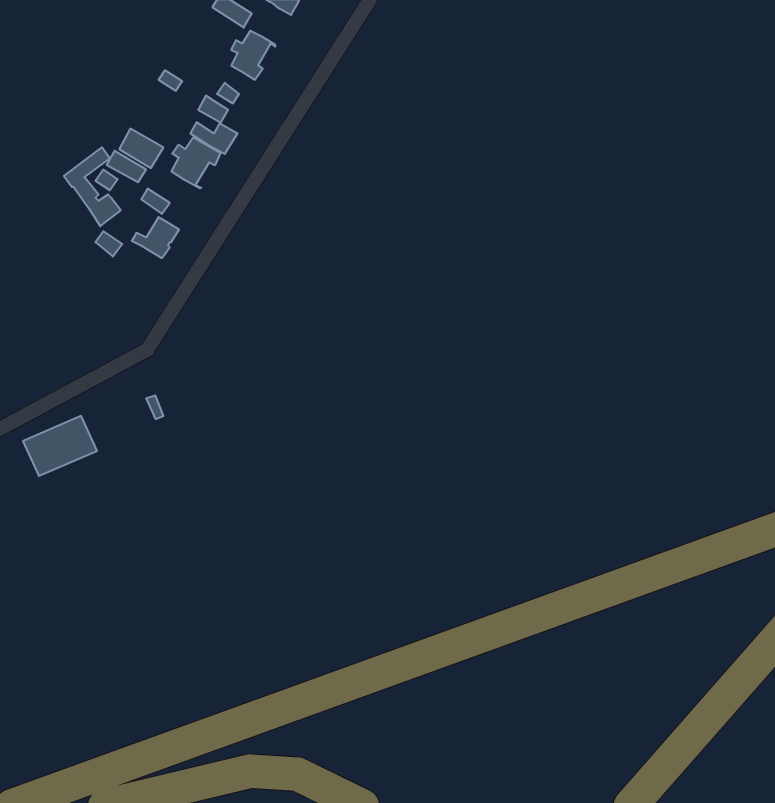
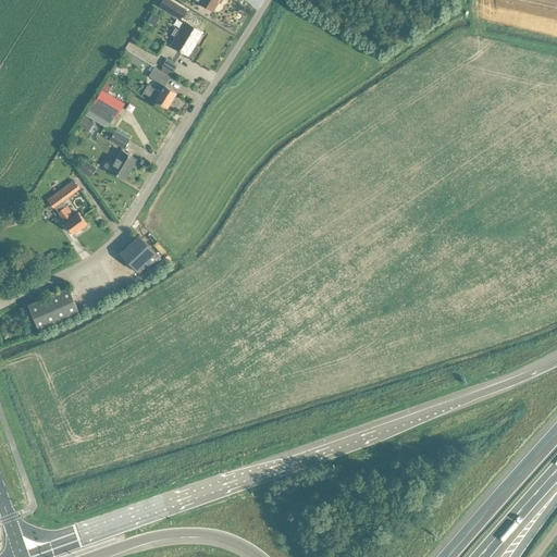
building: [172,137,221,188] -> none
building: [64,147,121,226] -> [48,181,87,235]
building: none -> [120,236,157,272]

